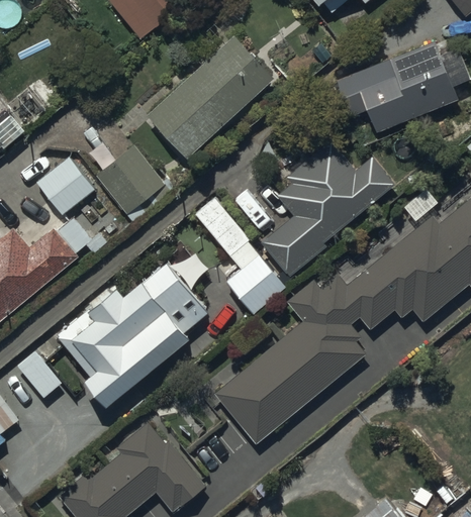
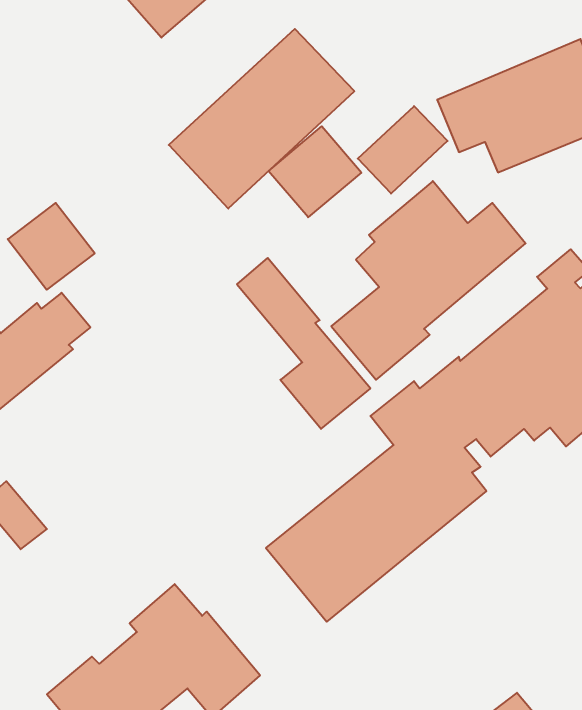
building: none -> [358,106,448,194]
building: none -> [269,126,361,217]
building: [91,137,169,219] -> none
building: [59,265,208,410] -> none

